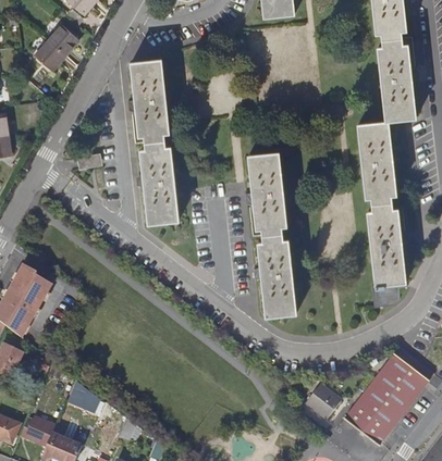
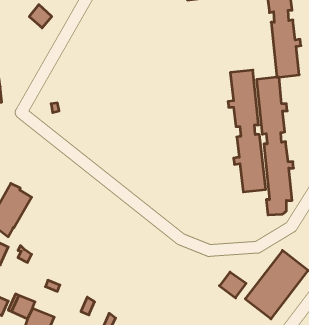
building: [36,39,67,70] -> none
building: [126,58,177,223] -> none
building: [244,152,295,316] -> [228,70,266,192]

